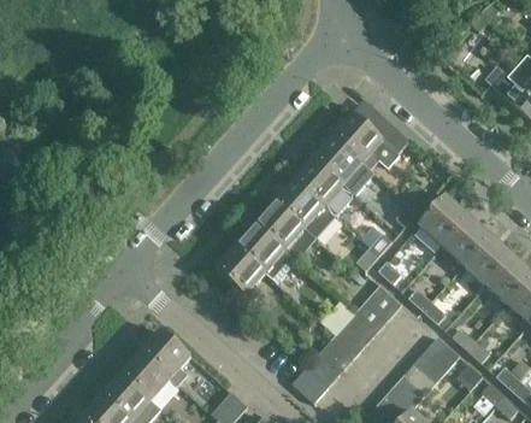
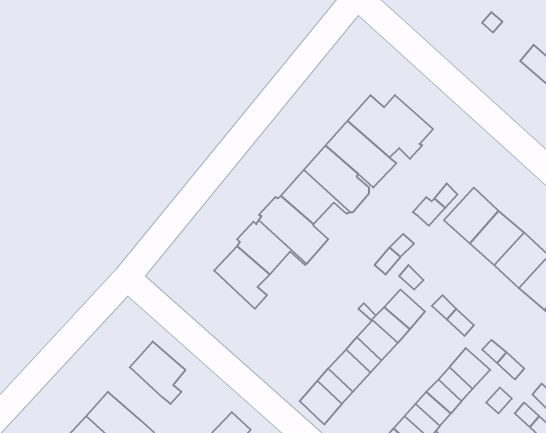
building: [122,353,170,400] -> none

